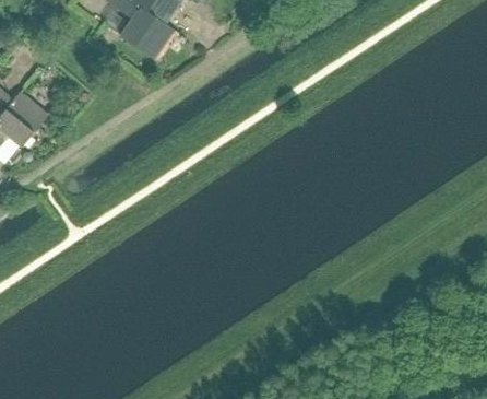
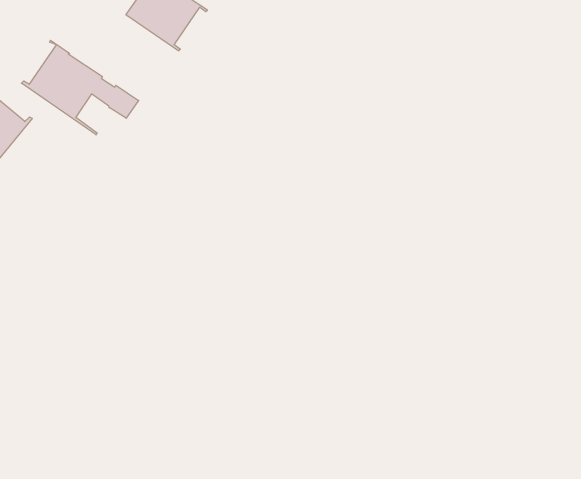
building: none -> [21,40,139,135]

